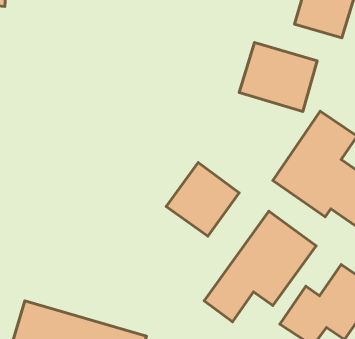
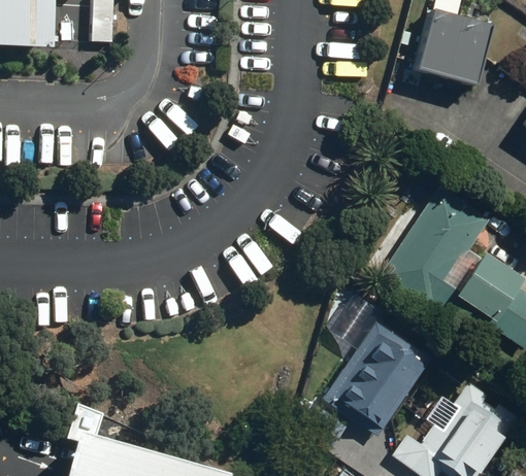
building: [239,43,317,111] -> none
building: [166,163,239,236] -> none

